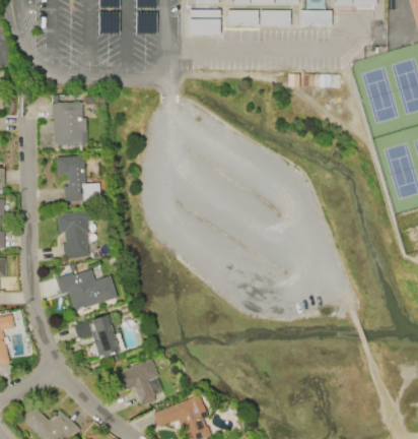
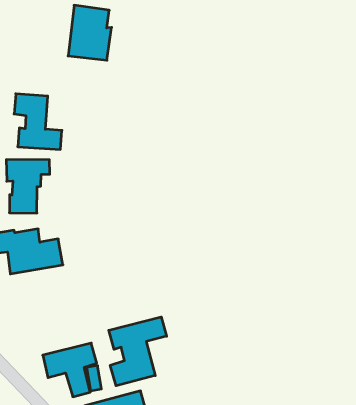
building: [53,103,87,146] -> [68,5,112,60]
building: [74,314,120,359] -> none
building: none -> [109,317,167,386]

